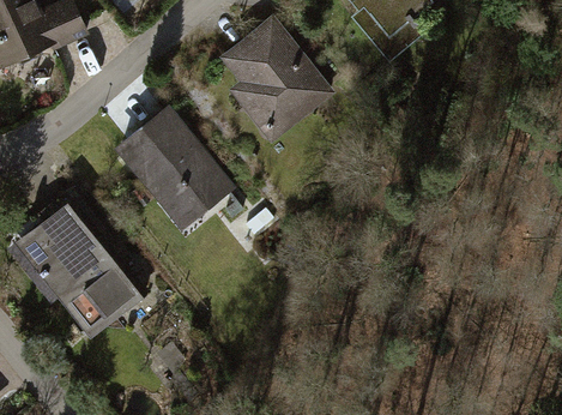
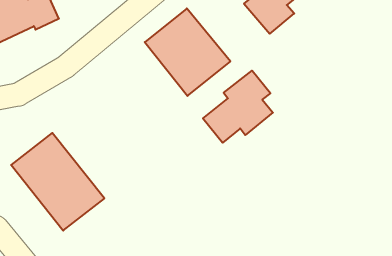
building: [113,103,234,231] -> none
building: none -> [203,71,273,143]

